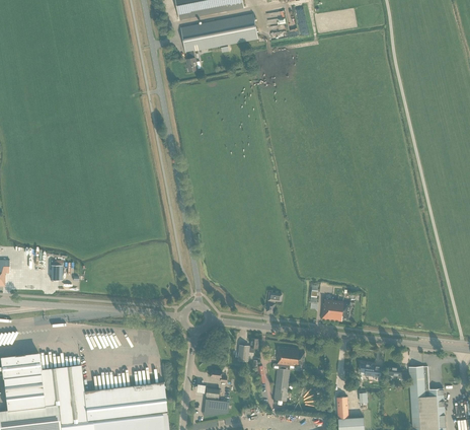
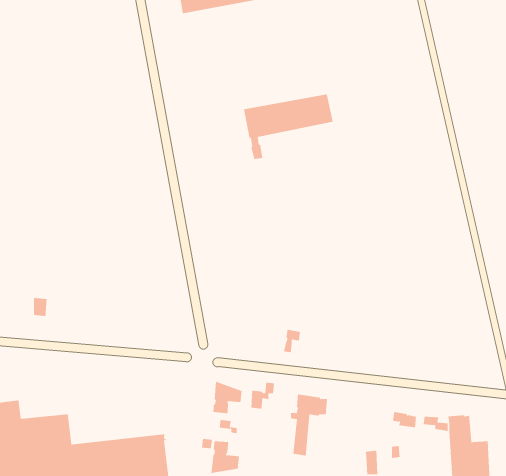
building: [179,14,257,71] -> [243,94,333,159]
building: [320,299,349,321] -> none
building: none -> [213,381,242,414]

